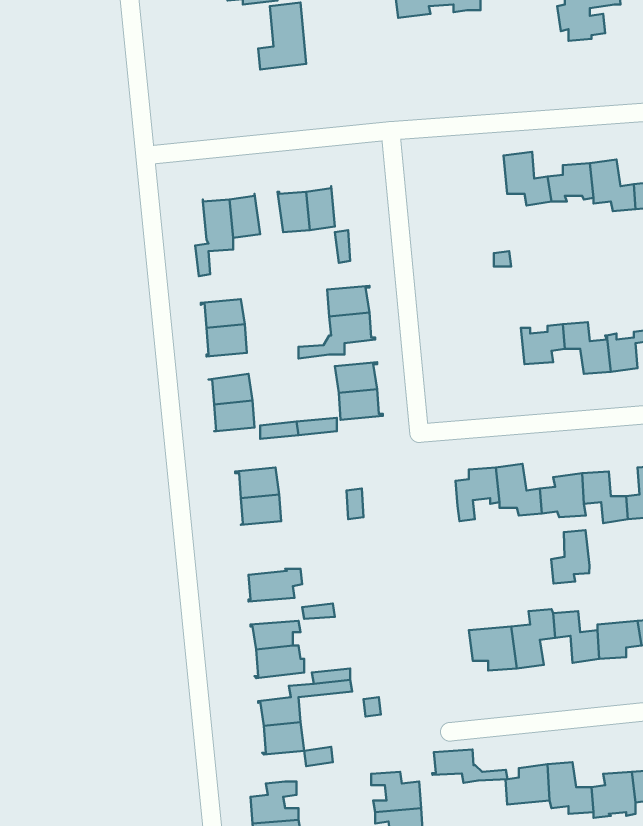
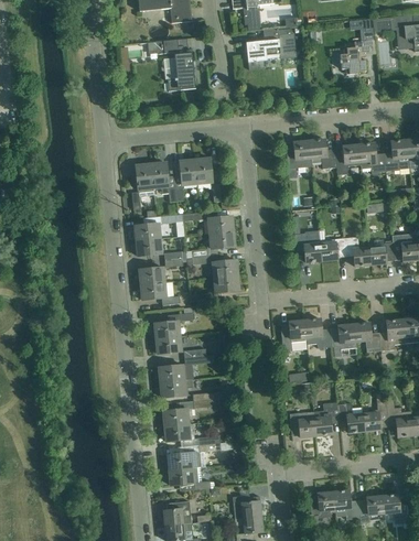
building: none -> [286,140,311,167]
building: none -> [294,228,321,261]
building: none -> [159,355,203,381]
building: [551,530,590,583] -> none
building: [432,750,508,783] -> none

